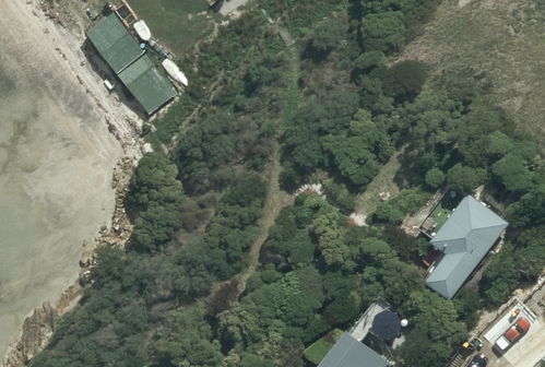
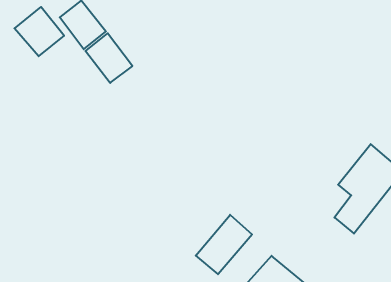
building: none -> [14,7,64,56]
building: none -> [196,215,252,274]

